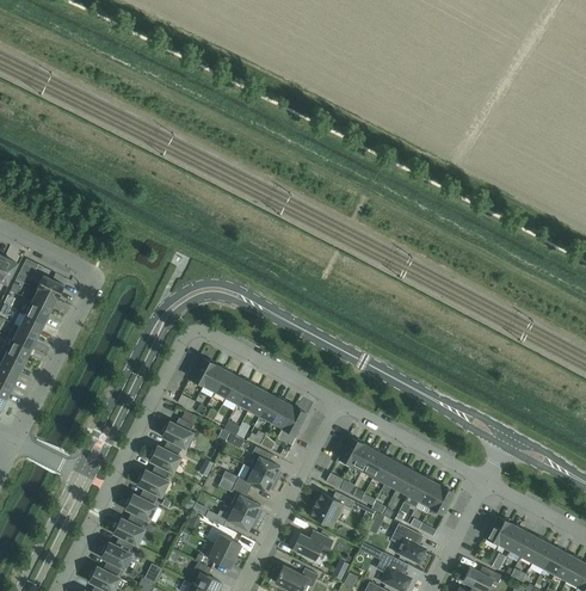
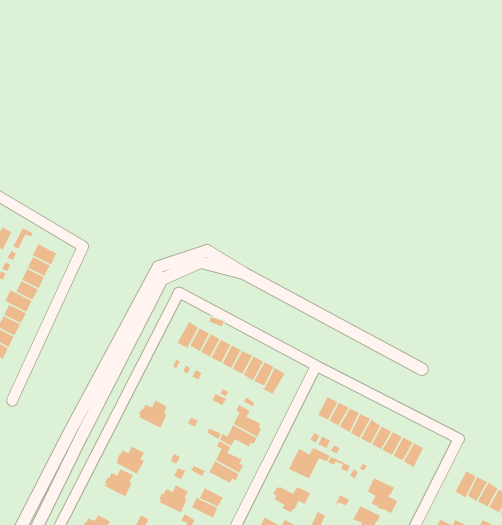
building: [161,417,193,448] -> none
building: [137,466,168,495] -> none
building: [100,537,132,568] -> [159,484,189,514]

